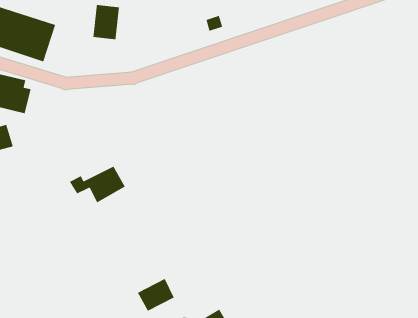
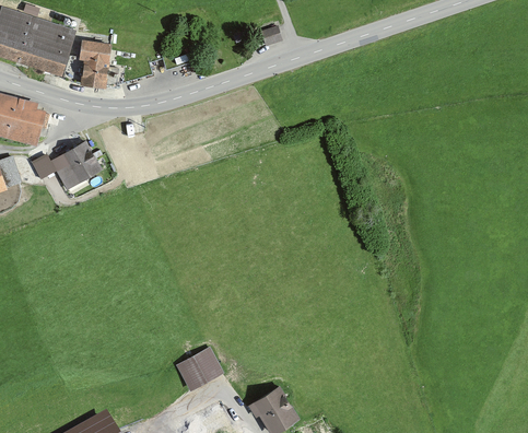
building: [93,4,120,40] -> [78,40,112,85]
building: [69,166,126,203] -> [30,143,101,190]

